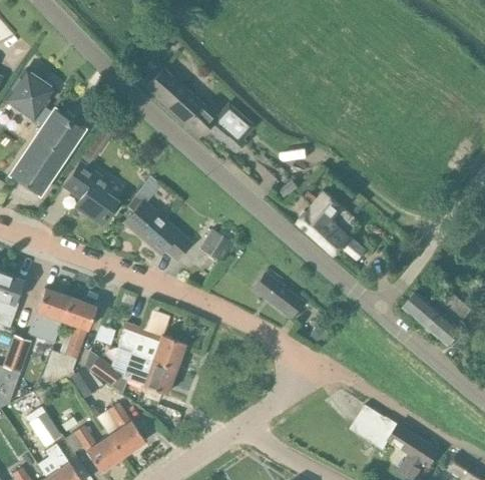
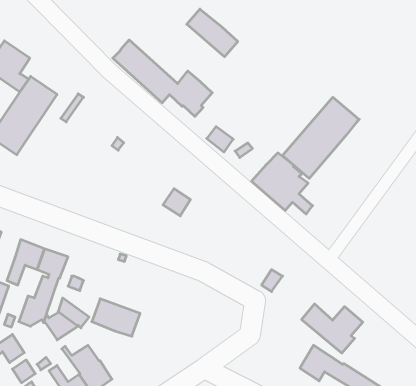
building: none -> [187,9,238,57]
building: none -> [283,97,359,178]
building: [62,160,117,224] -> none
building: [125,202,189,260] -> none
building: [254,273,302,317] -> none
building: [404,291,471,345] -> [302,304,363,353]
building: [118,323,185,369] -> none

